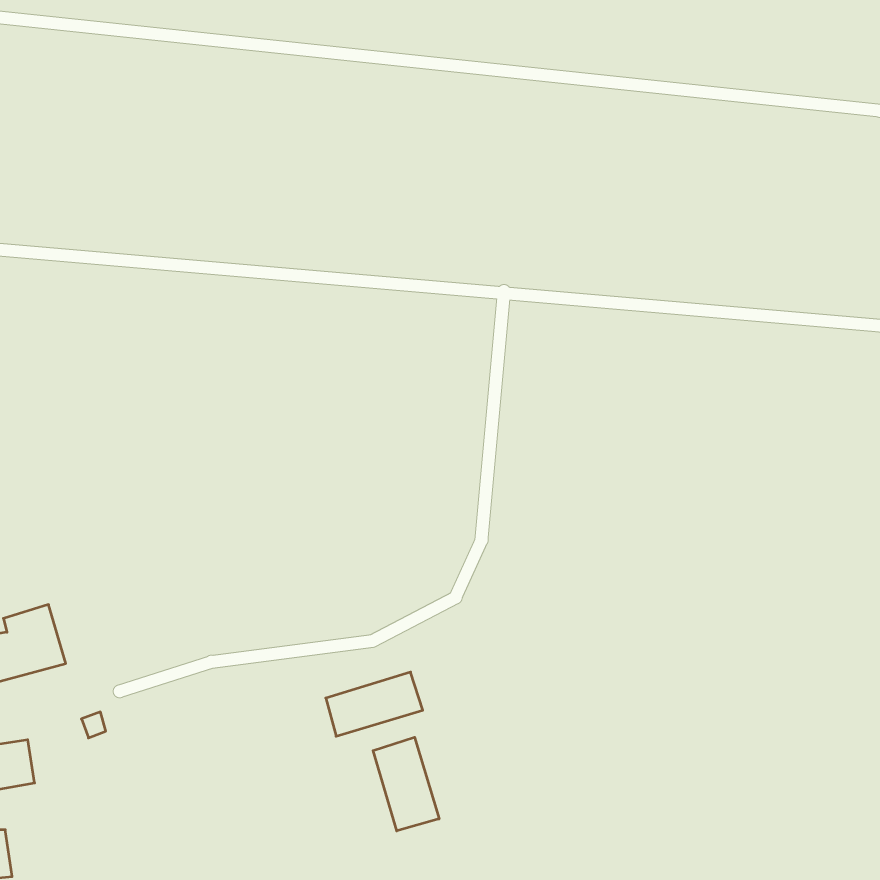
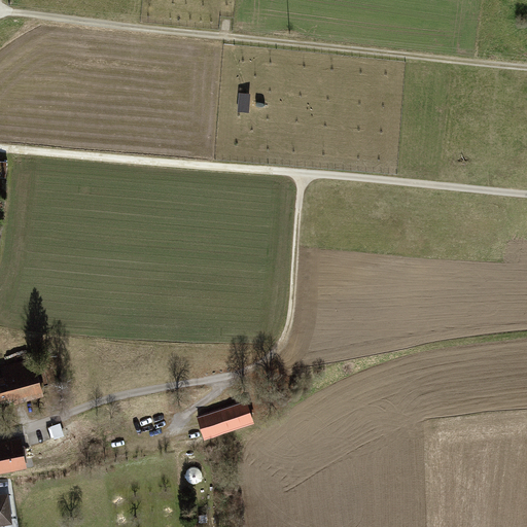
building: [373,737,439,831] -> none

